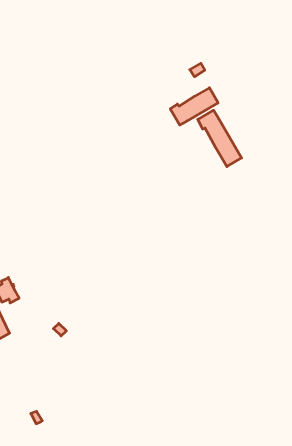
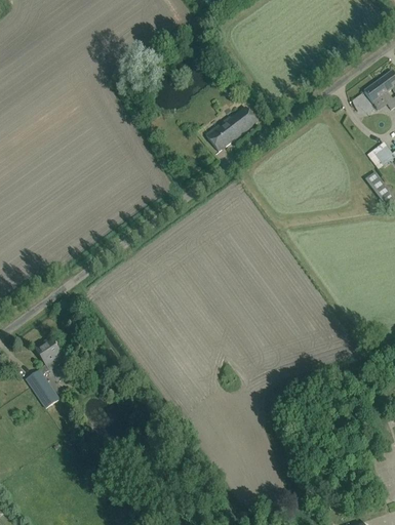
building: [198,110,242,167] -> none

